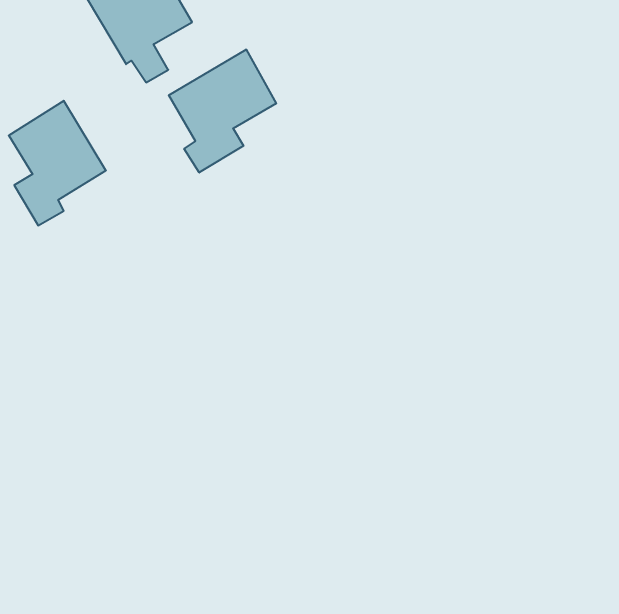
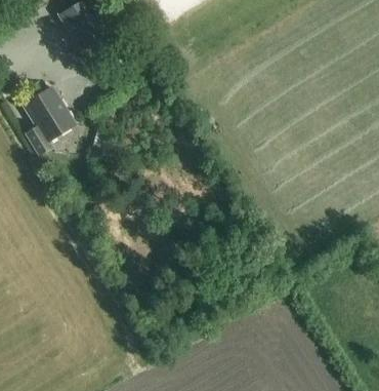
building: [169,49,276,173] -> none

